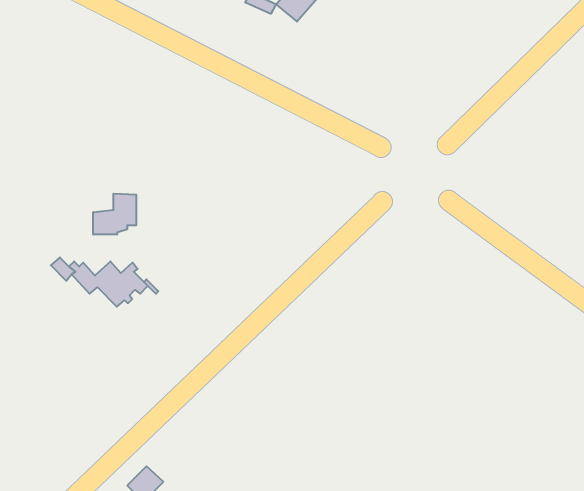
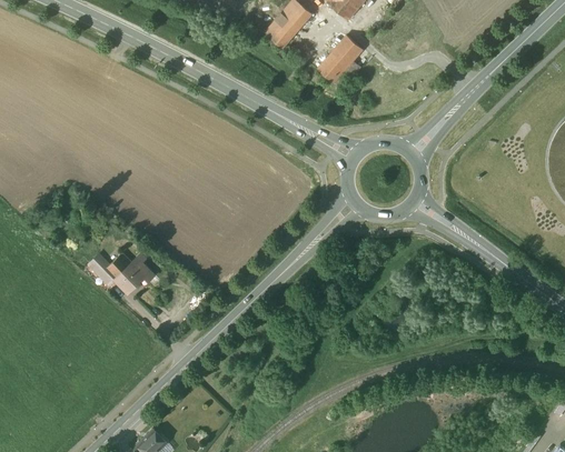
building: none -> [318,36,364,89]
building: [93,194,136,235] -> none

